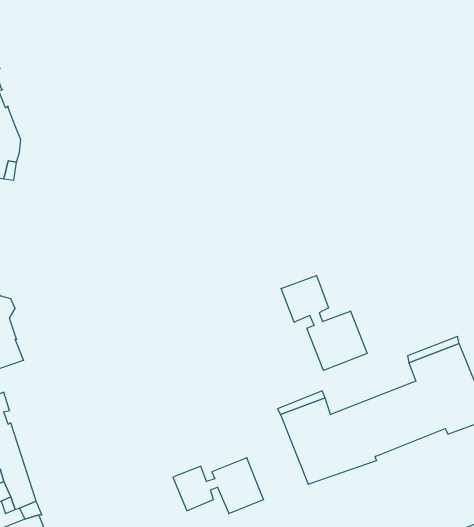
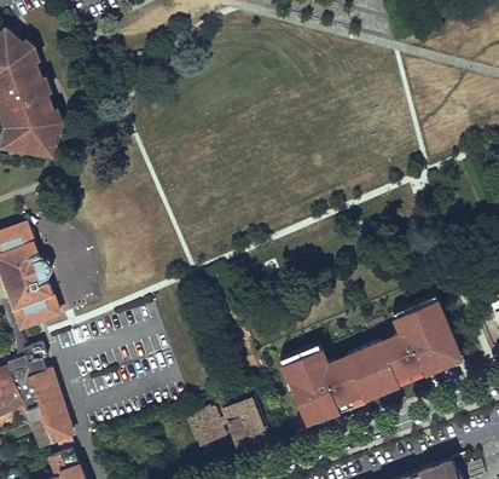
building: [281,275,367,370] -> none

